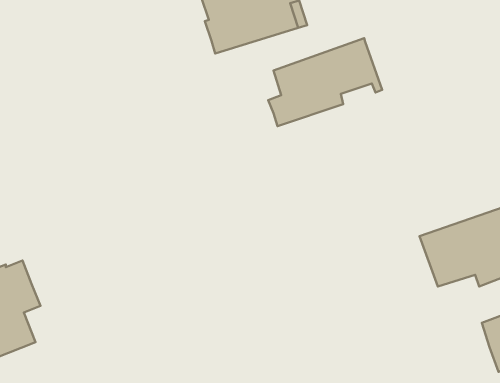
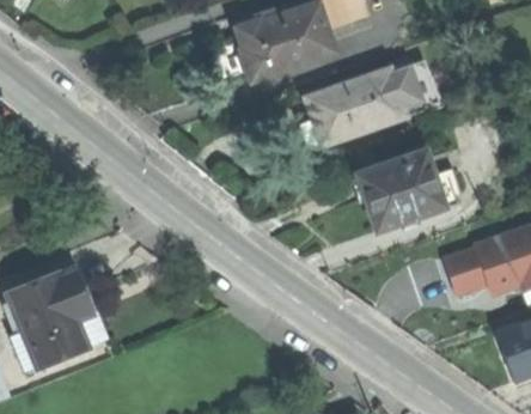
building: none -> [390,61,438,114]
building: none -> [354,150,454,226]

